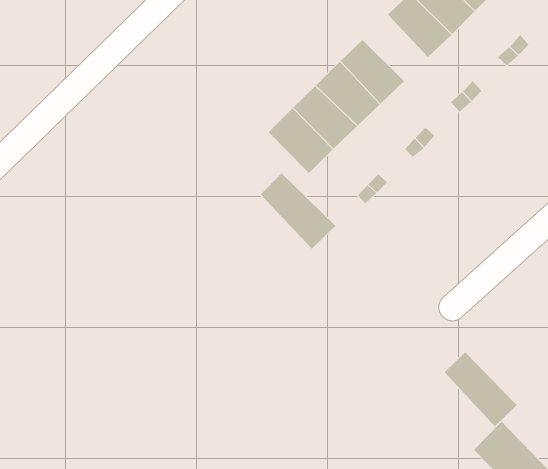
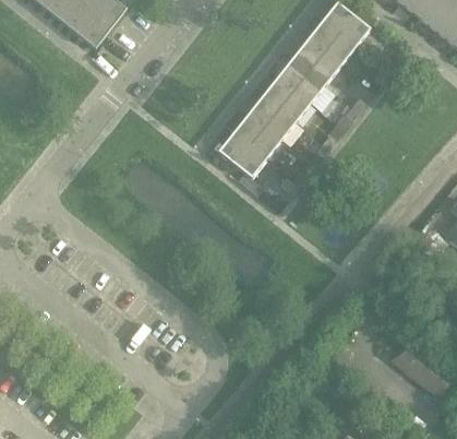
building: none -> [277,56,325,102]
building: [260,172,336,249] -> none
building: [444,352,518,427] -> none

